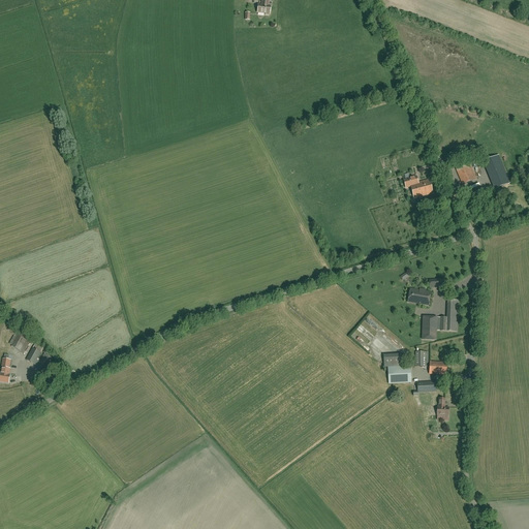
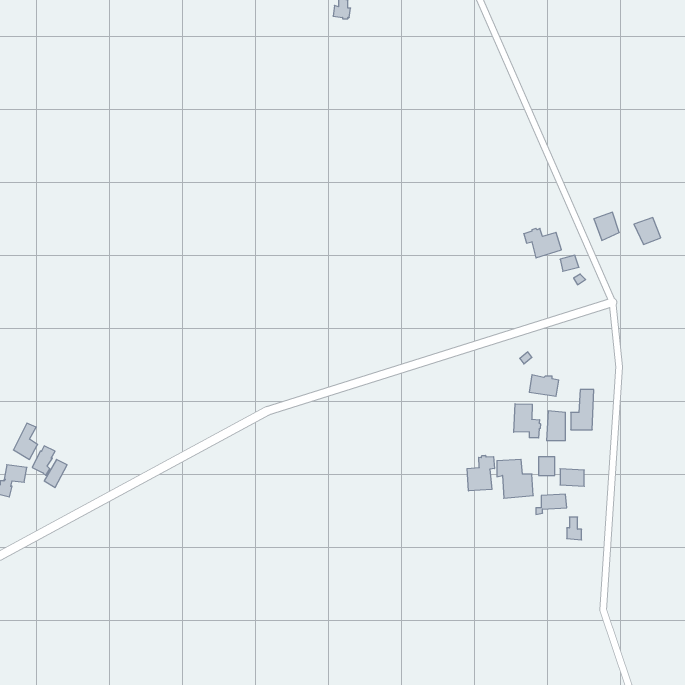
building: none -> [514,404,541,438]
building: none -> [467,455,494,491]

